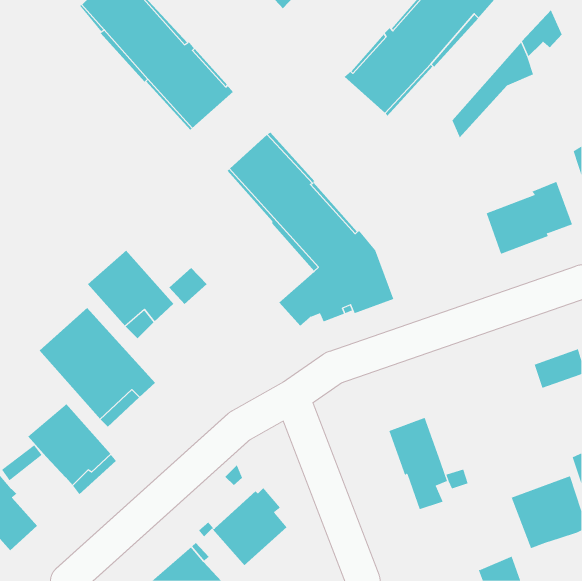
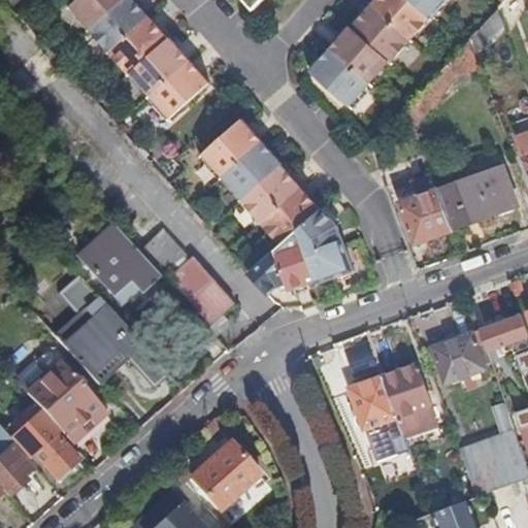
building: none -> [399,174,451,242]
building: none -> [168,257,233,337]
building: none -> [432,331,486,382]
building: none -> [383,363,430,416]
building: none -> [10,411,78,480]

